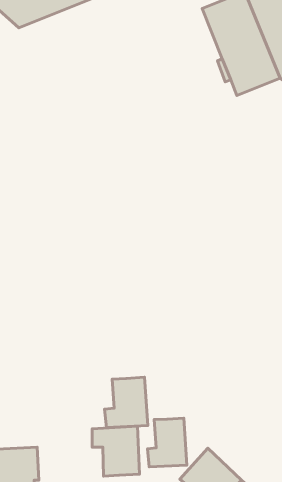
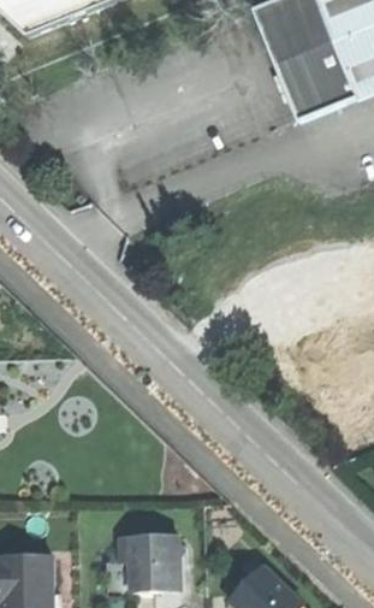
building: [105,377,148,427] -> none
building: [148,418,187,467] -> none

